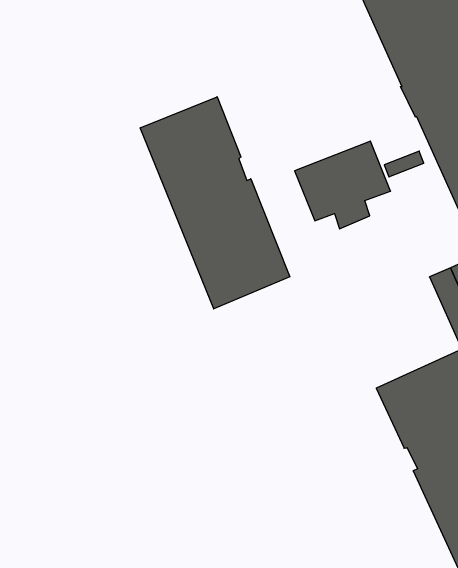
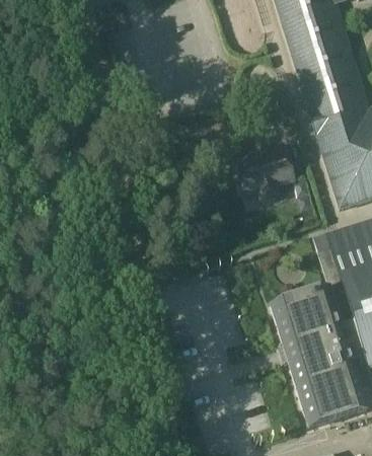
building: [140,97,290,309] -> none

